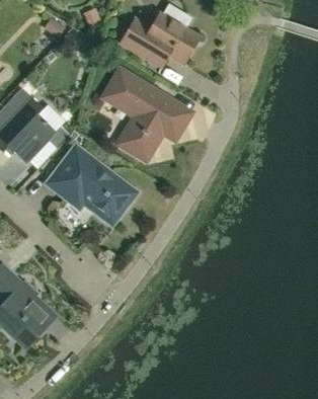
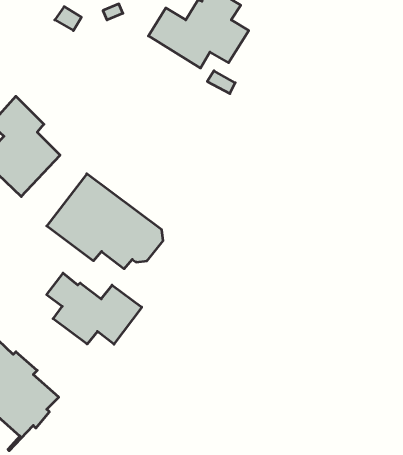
building: [103,69,185,160] -> none
building: none -> [47,273,142,344]

